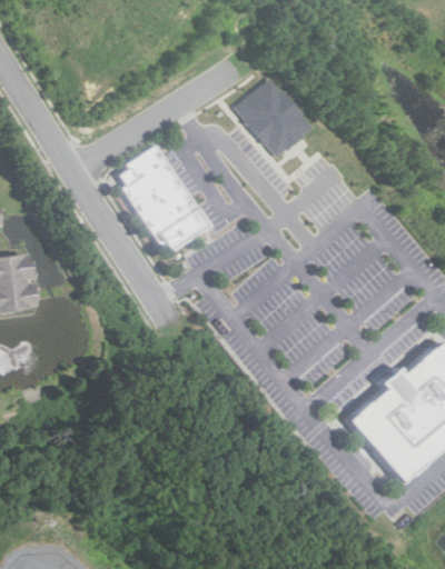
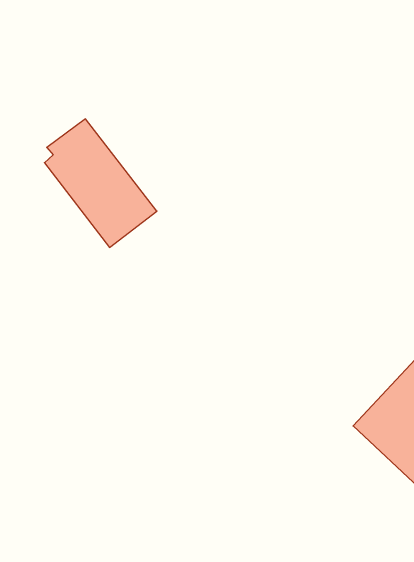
building: [236,79,315,160] -> none

